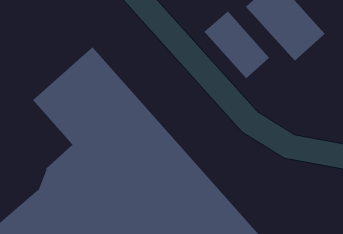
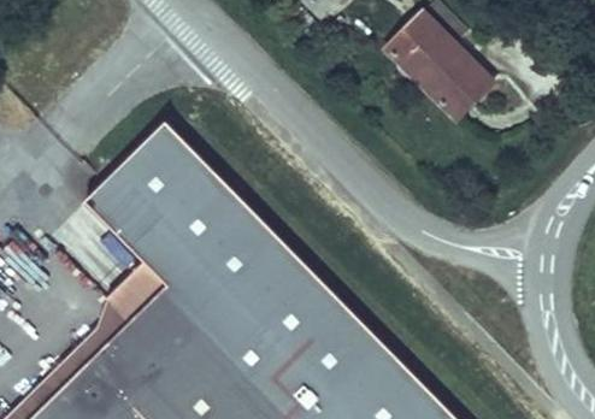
building: [204,10,270,79] -> none

